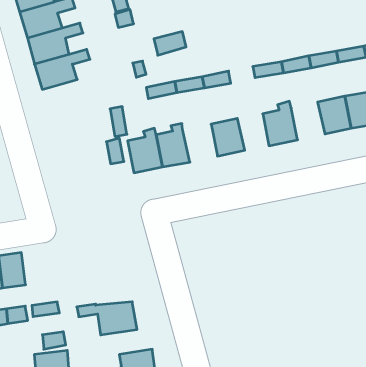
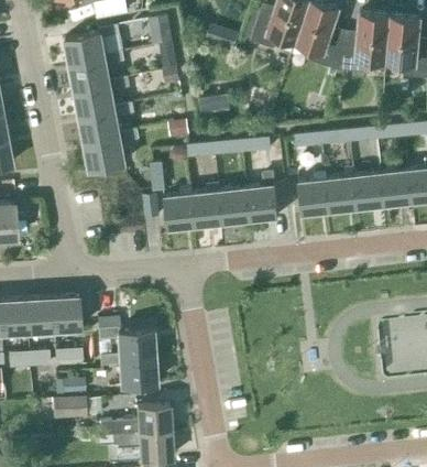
building: none -> [85,129,140,171]
building: none -> [328,169,359,211]
building: none -> [219,188,251,224]
building: none -> [50,295,79,329]
building: none -> [98,328,154,356]

